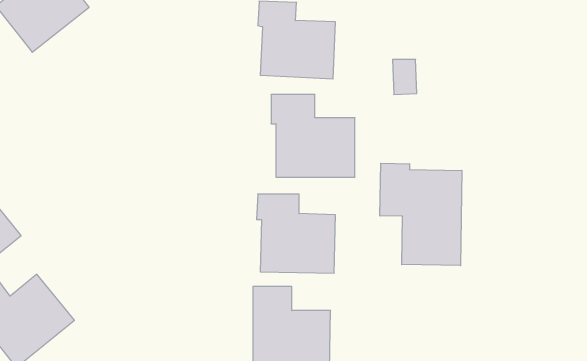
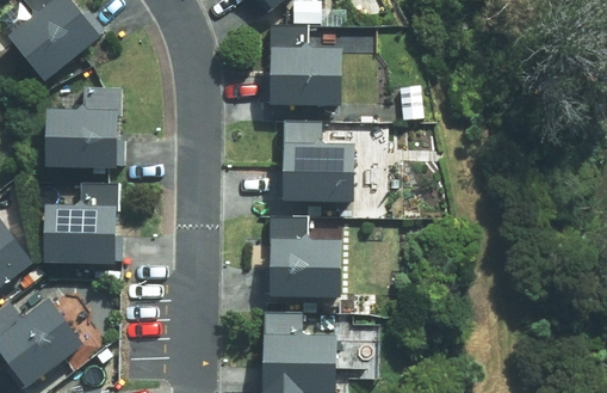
building: none -> [44,84,120,170]
building: none -> [43,184,116,263]
building: [380,163,462,266] -> none

